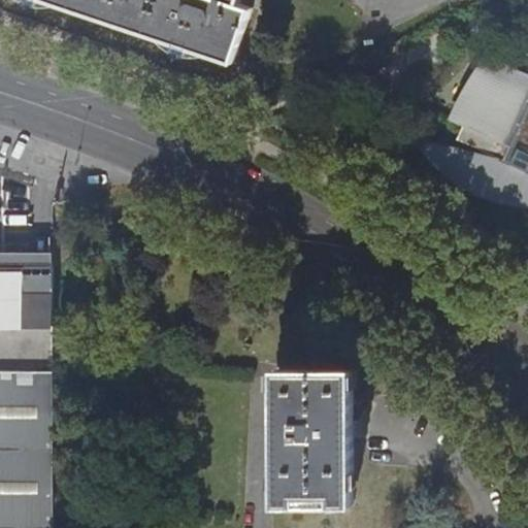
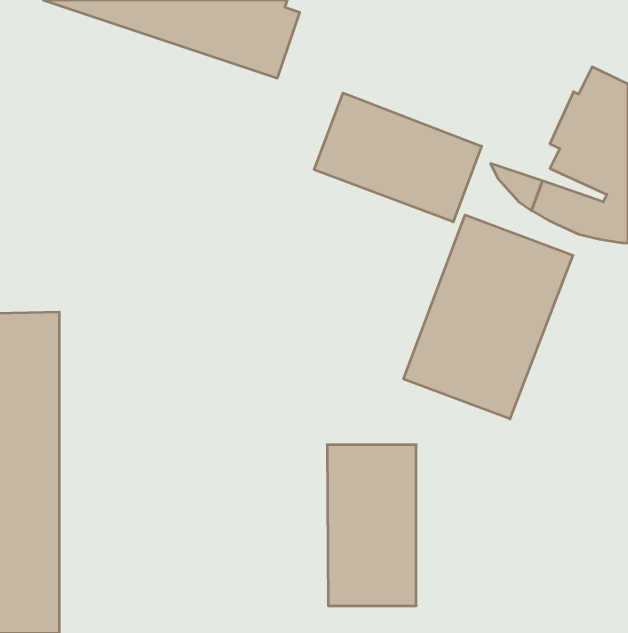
building: none -> [314,93,482,222]
building: none -> [404,215,573,419]

